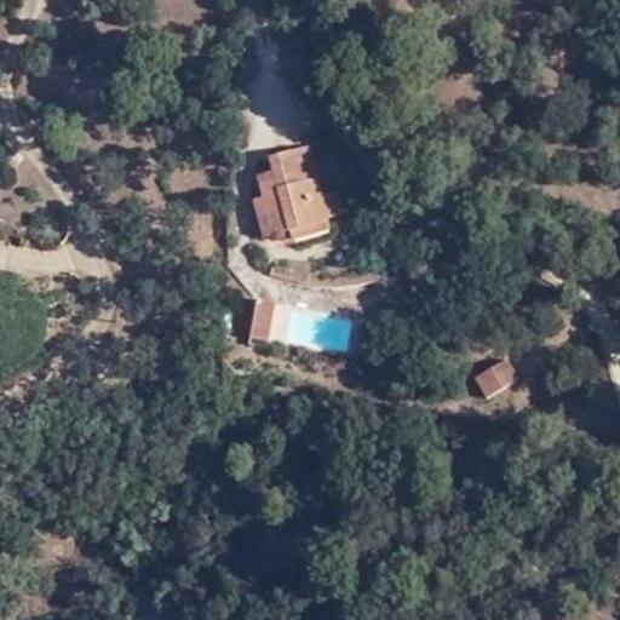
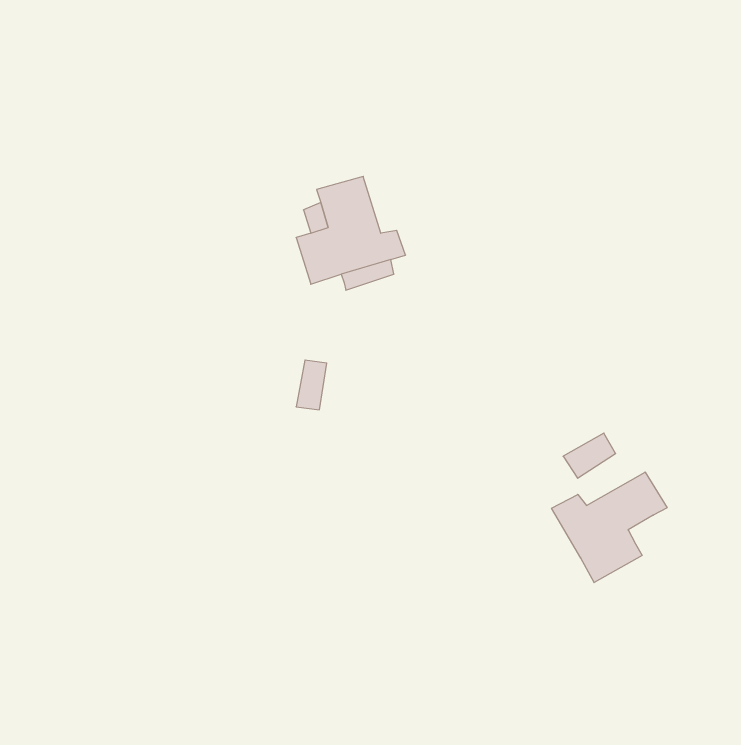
building: none -> [552,472,667,583]

